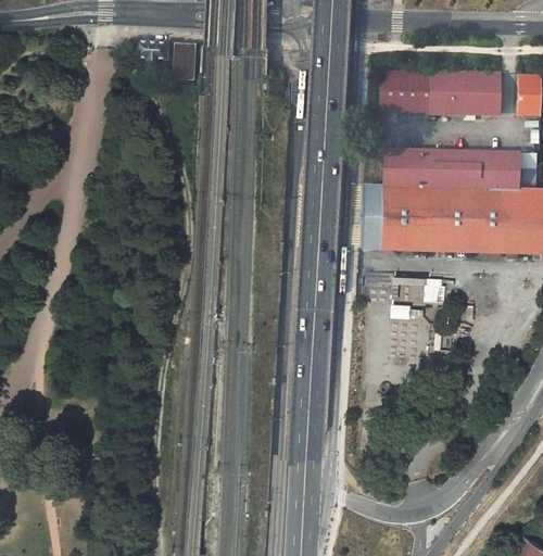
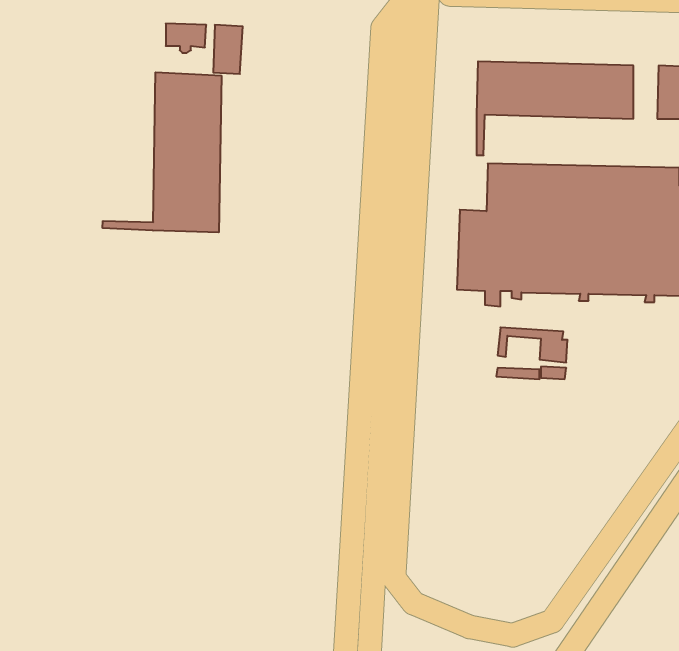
building: none -> [103,72,221,232]

